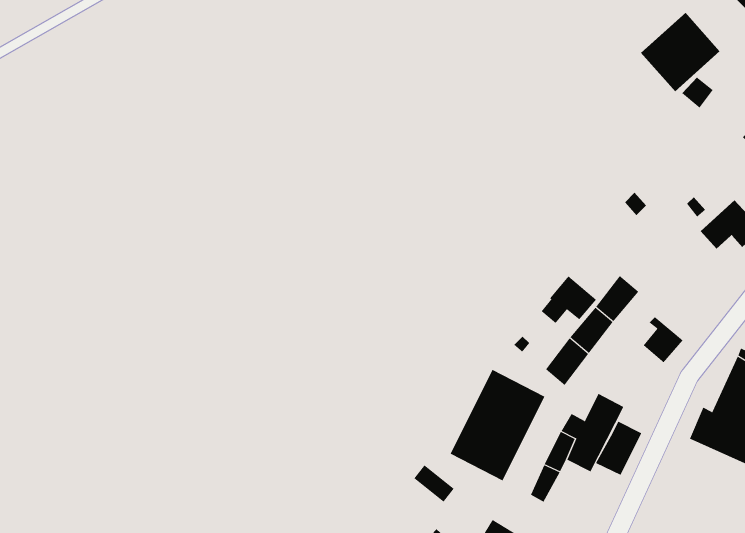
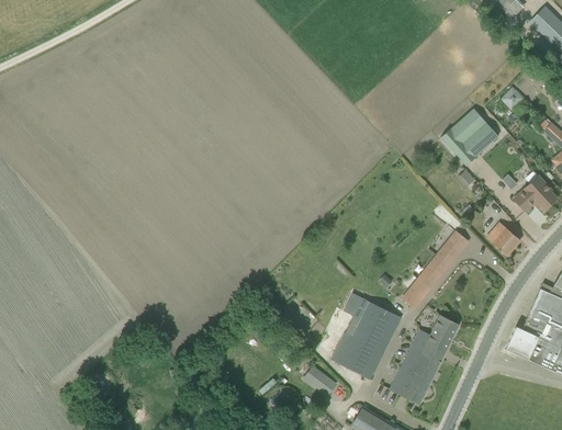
building: [640,12,721,92] -> [441,107,499,166]
building: [541,276,597,324] -> none
building: [643,316,684,363] -> [492,222,521,256]
building: [595,421,642,475] -> [401,363,435,403]

